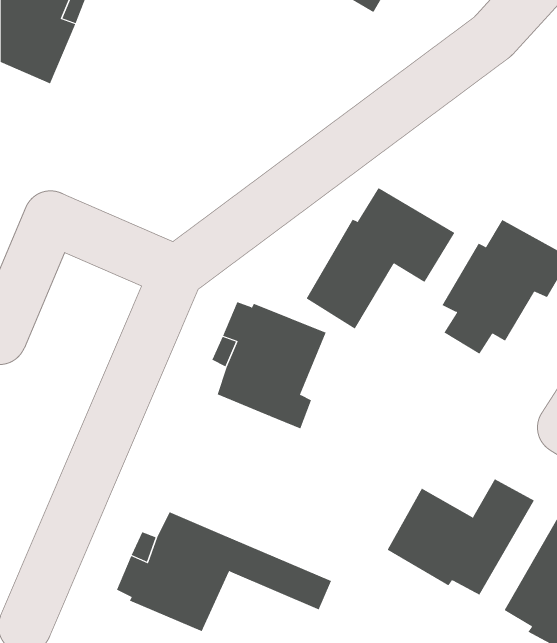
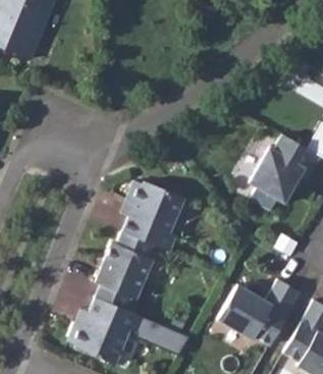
building: [306,187,455,329] -> none
building: none -> [96,232,153,310]

